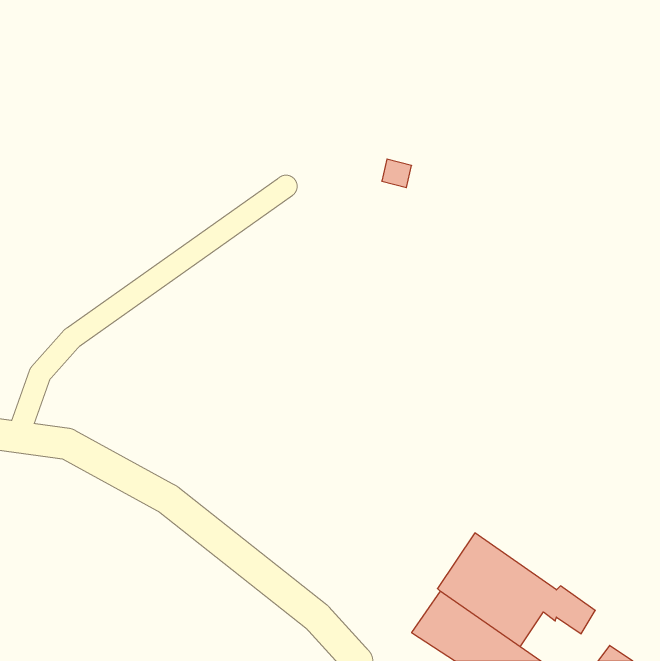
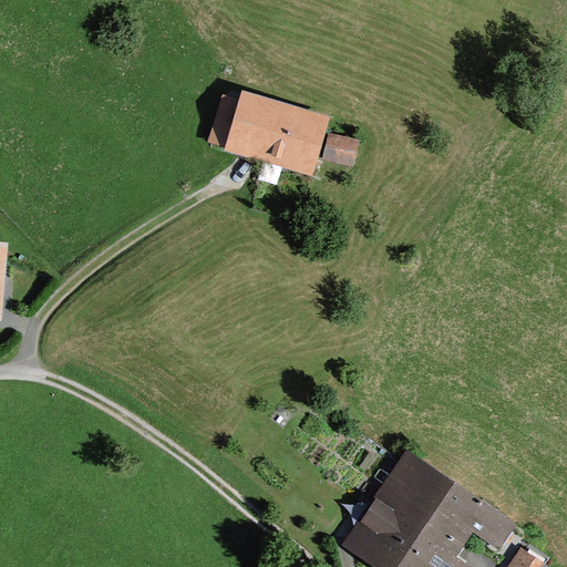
building: none -> [212,103,316,163]

